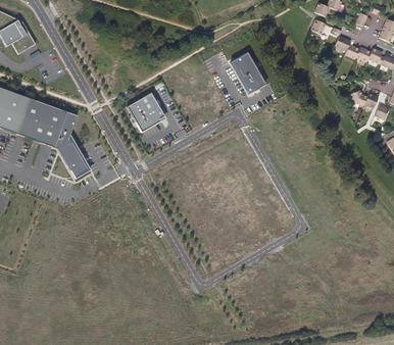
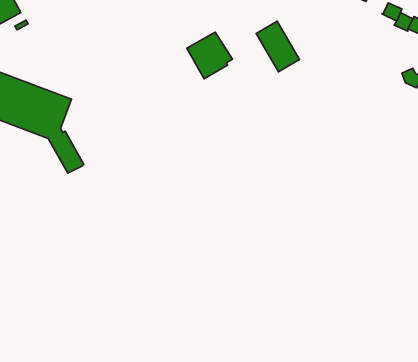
building: [127,93,164,132] -> [187,32,233,79]

